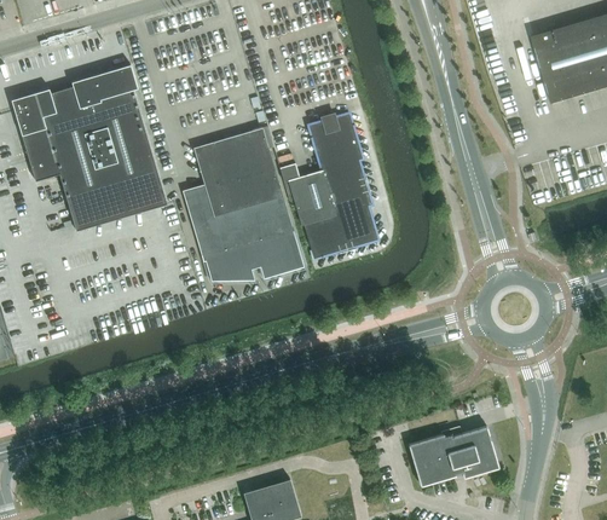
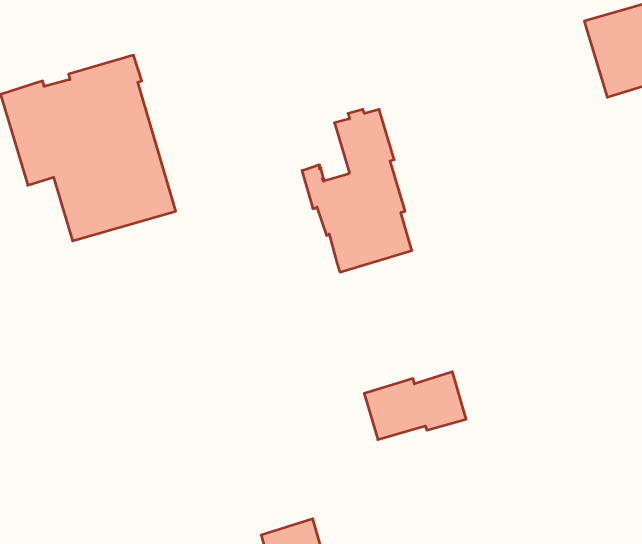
building: [185,127,304,281] -> none
building: [407,424,498,485] -> [364,372,466,440]

